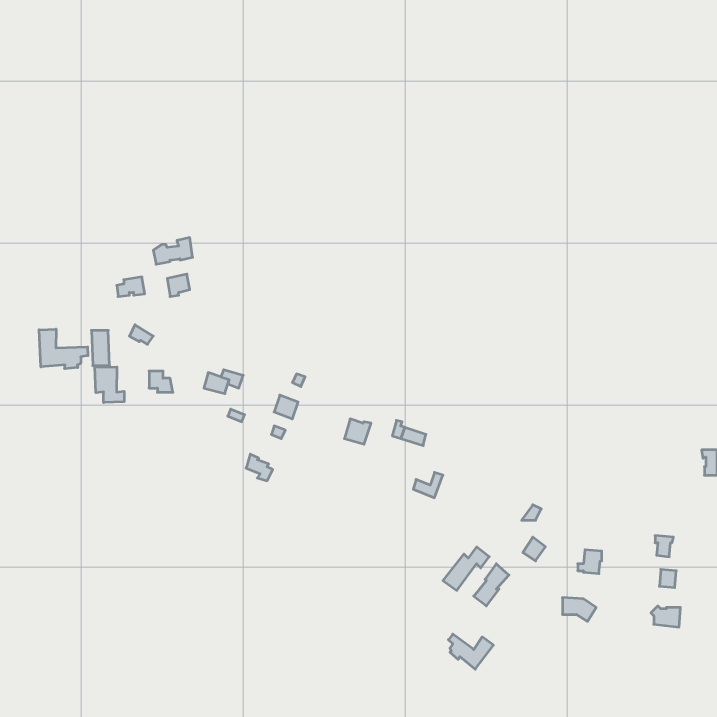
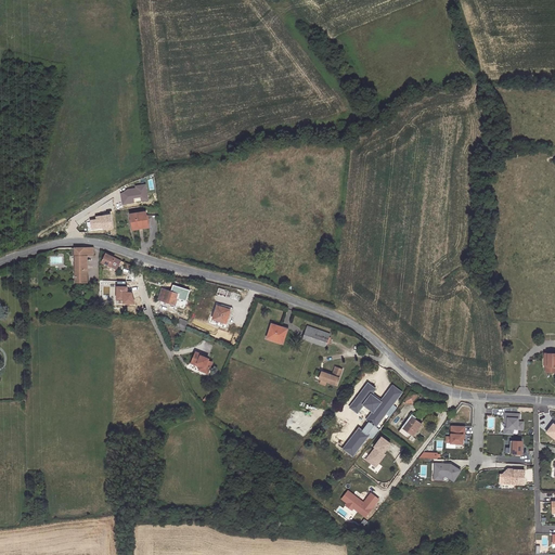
building: [39,329,88,369] -> none
building: [95,367,124,403] -> none
building: none -> [350,383,400,425]

